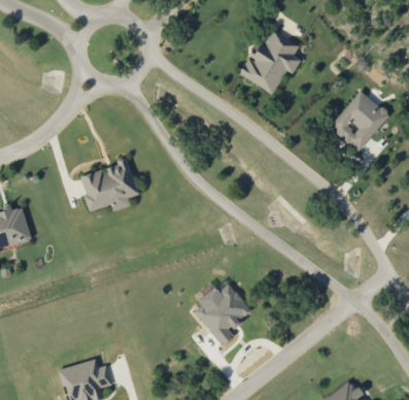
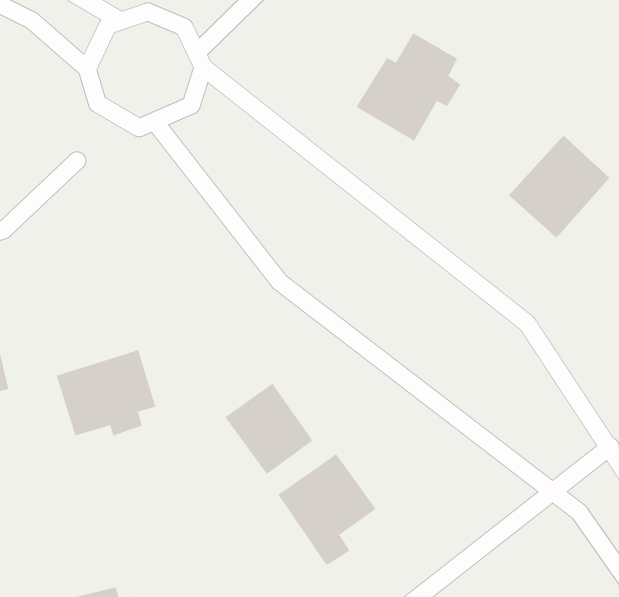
building: [79,160,139,211] -> [56,350,156,436]
building: none -> [225,383,313,475]

